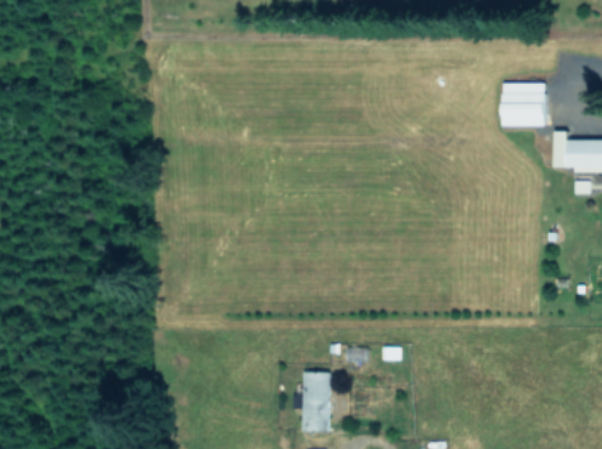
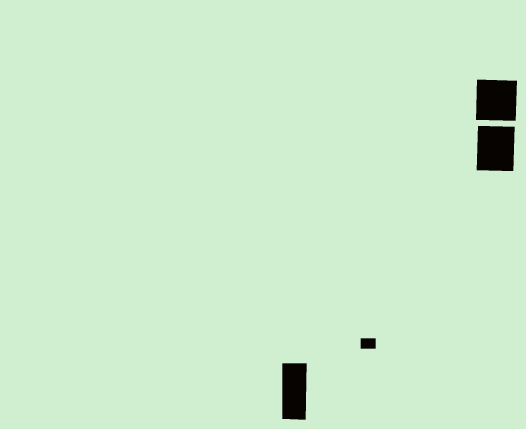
building: none -> [476,125,516,172]

